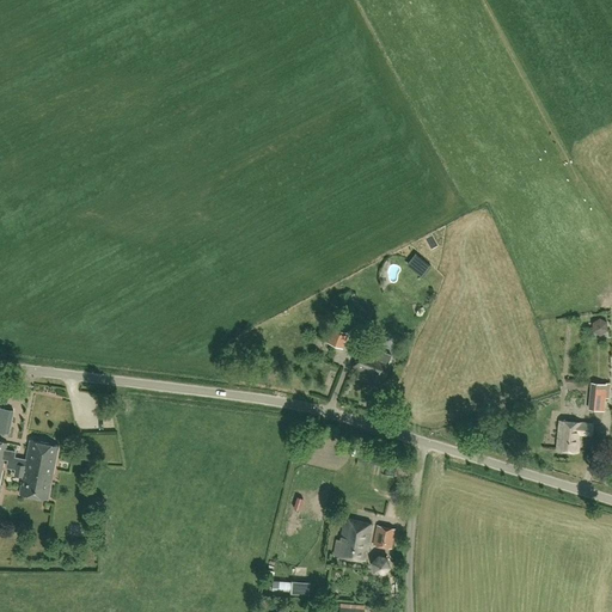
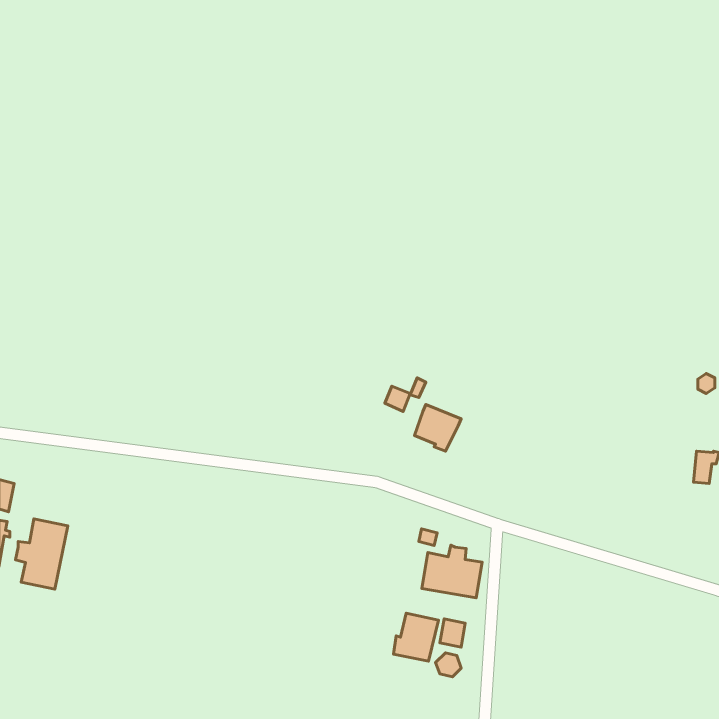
building: [556,422,592,453] -> none
building: none -> [422,545,482,598]

